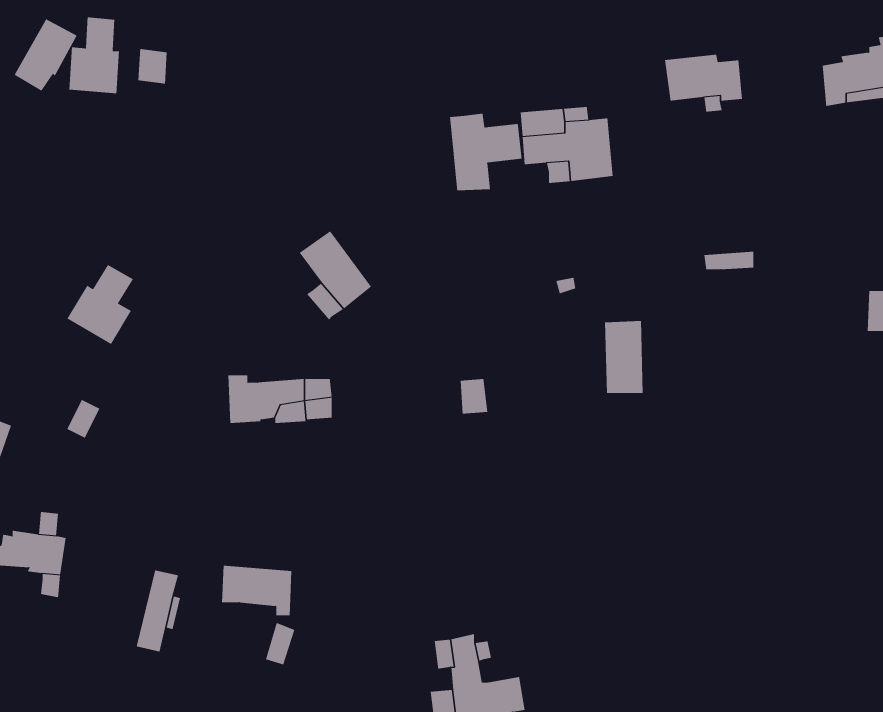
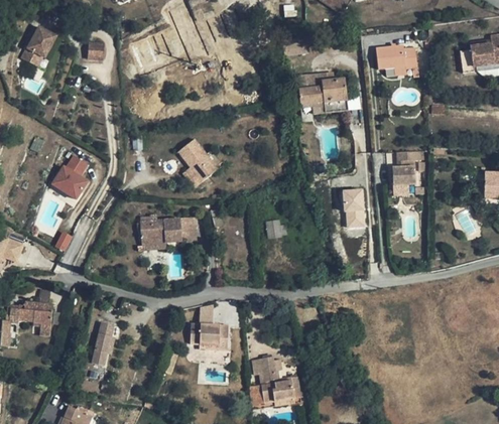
building: [69,16,119,94] -> none
building: [450,113,522,191] -> none
building: none -> [392,166,415,185]
building: [221,565,292,616] -> [190,322,228,349]

